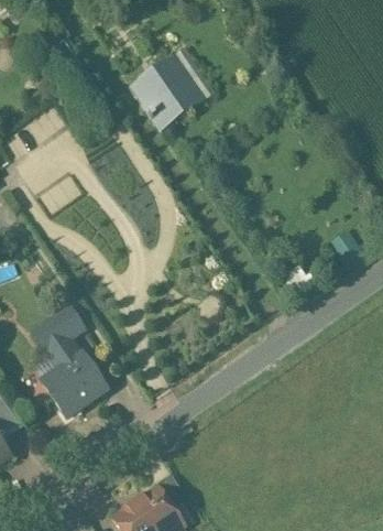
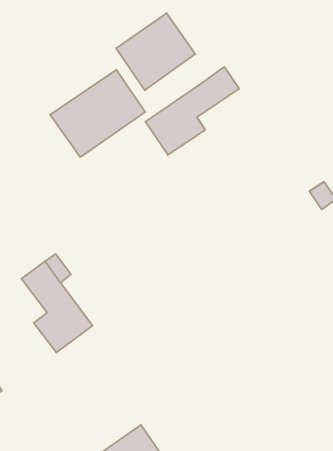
building: none -> [145,67,239,155]
building: none -> [50,70,145,157]

